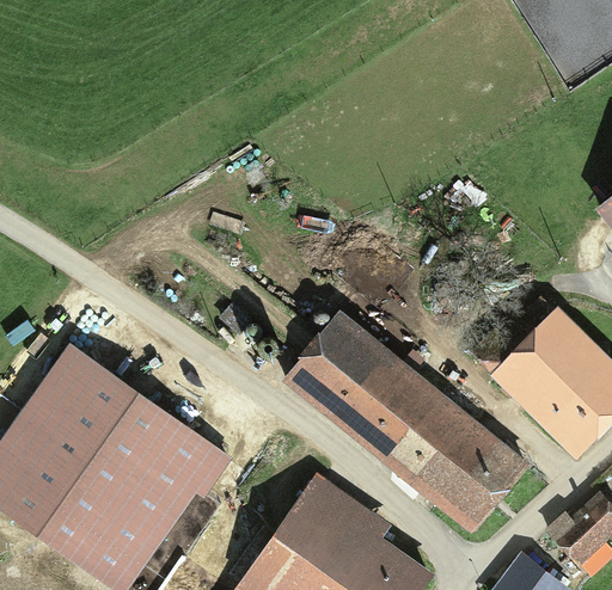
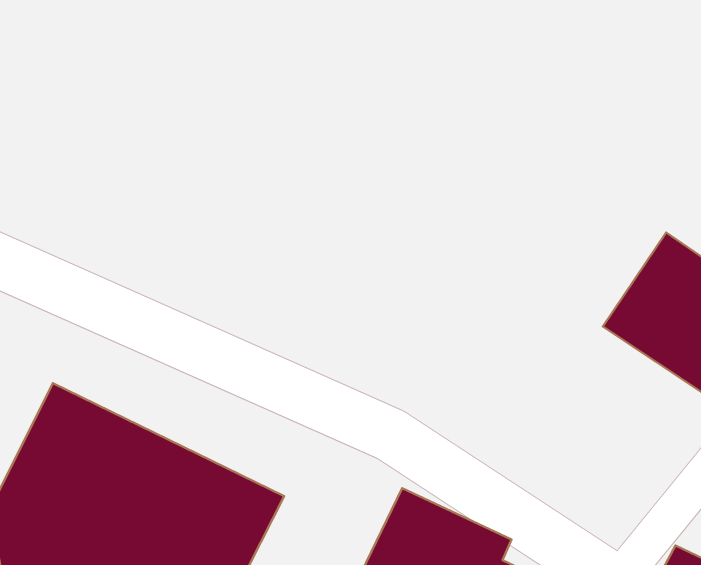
building: [287,307,528,524] -> none

